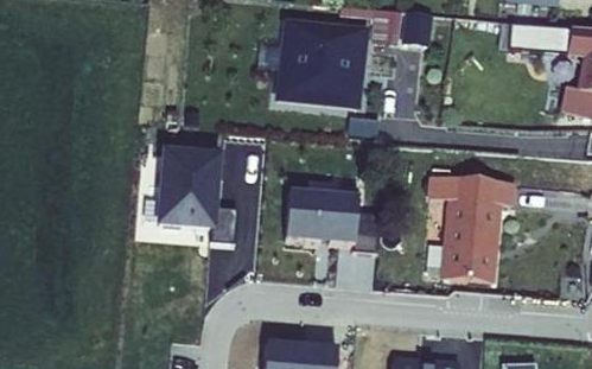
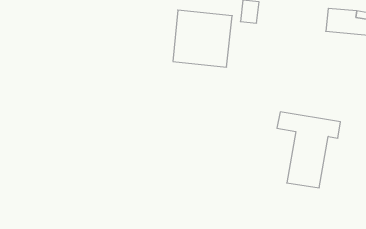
building: [166,152,244,243] -> none
building: [294,180,389,246] -> none

